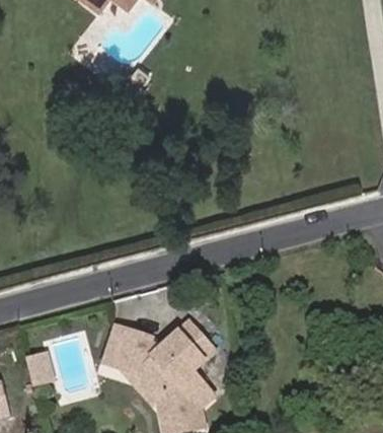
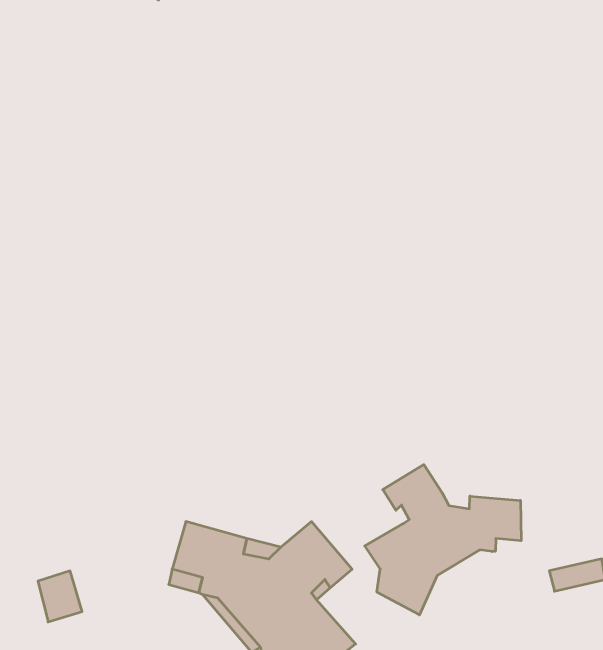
building: none -> [365,465,521,615]

